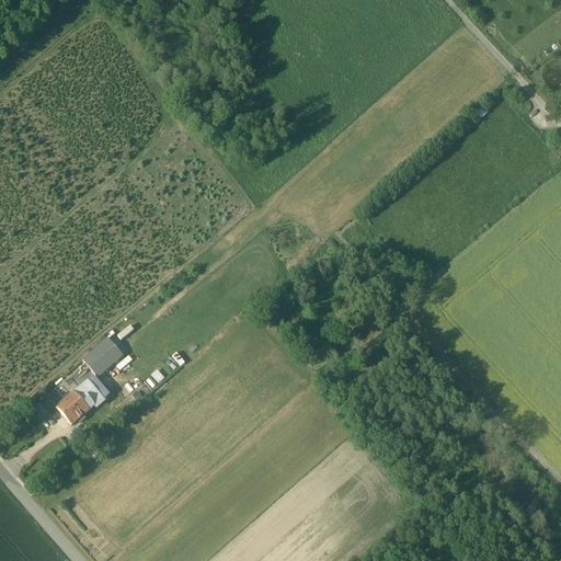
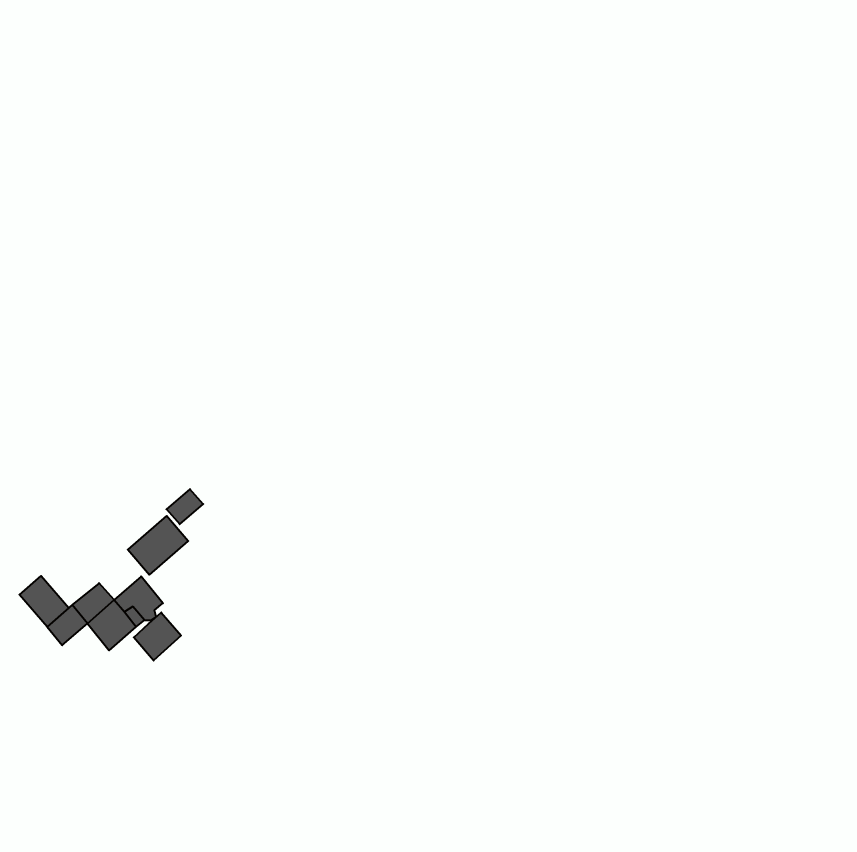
building: none -> [19,576,69,627]
building: none -> [134,612,181,661]

